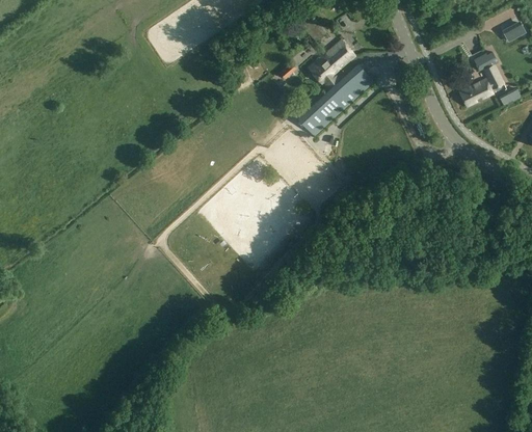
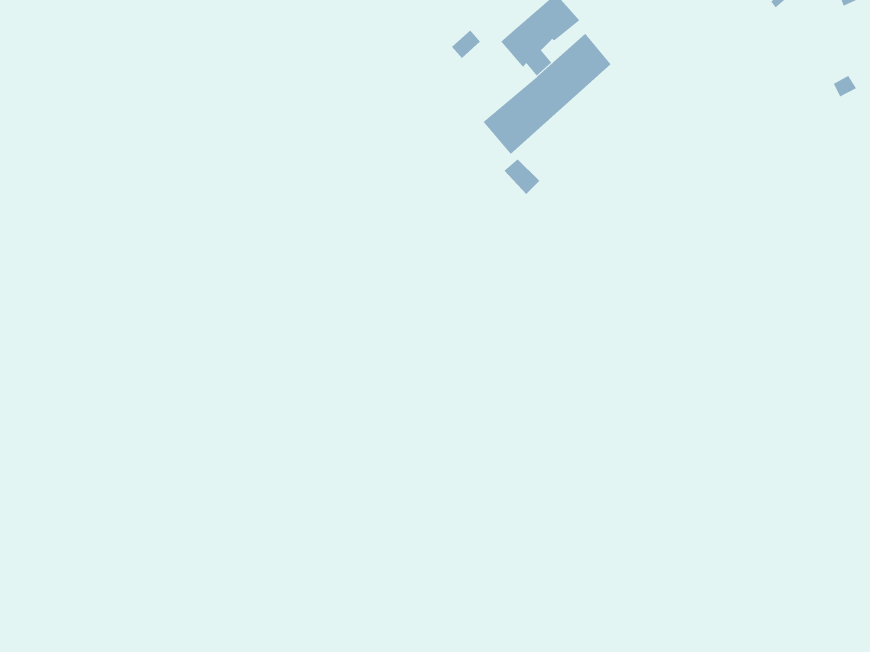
building: [456,50,500,105] -> none

